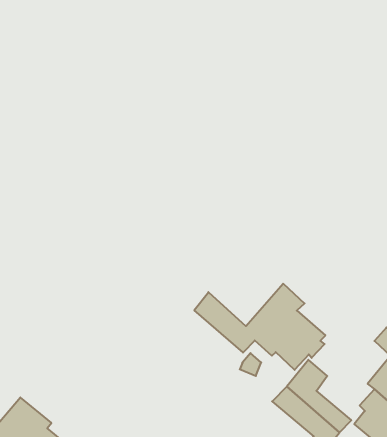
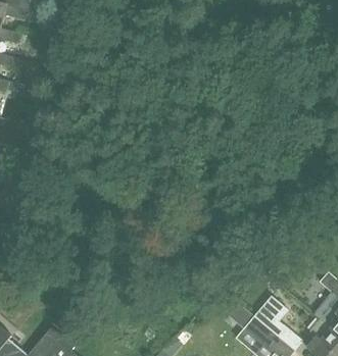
building: [194,284,325,370] -> none

